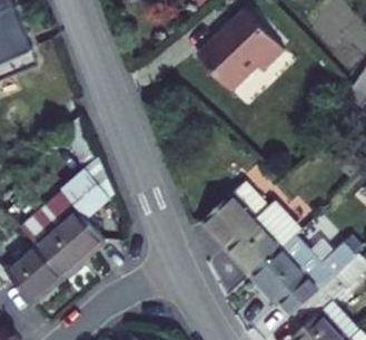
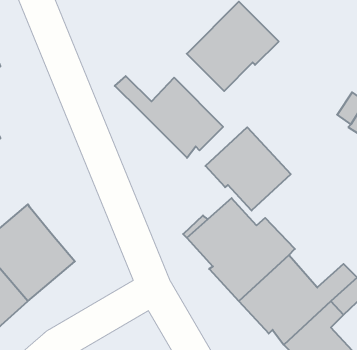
building: none -> [115,76,223,158]
building: none -> [205,127,291,211]
building: [65,172,109,216] -> none

